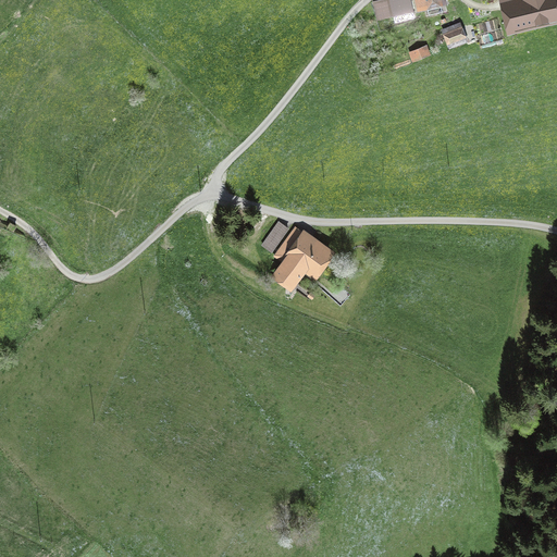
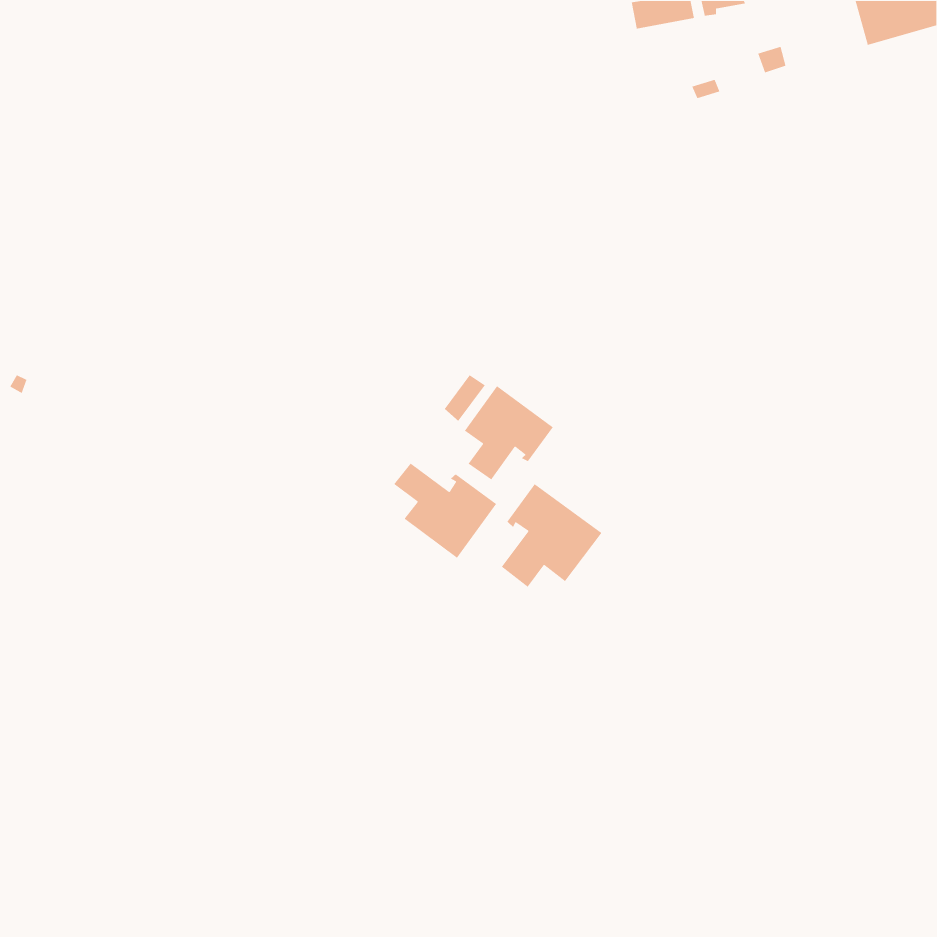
building: none -> [393,462,497,559]
building: none -> [501,483,603,588]

